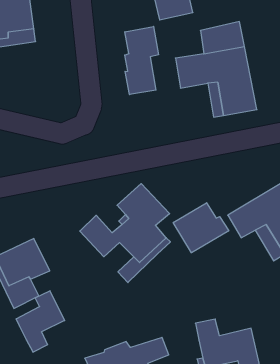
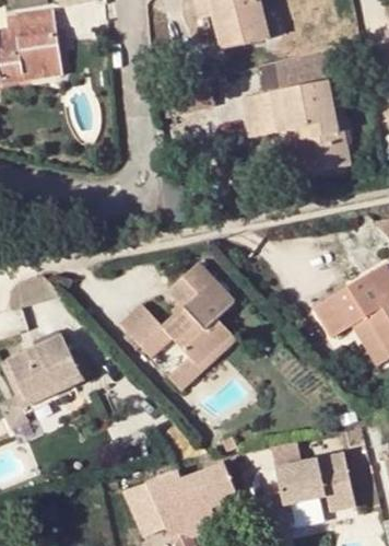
building: [125,26,158,95] -> none
building: [173,203,229,253] -> none
building: [16,291,65,352] -> none

